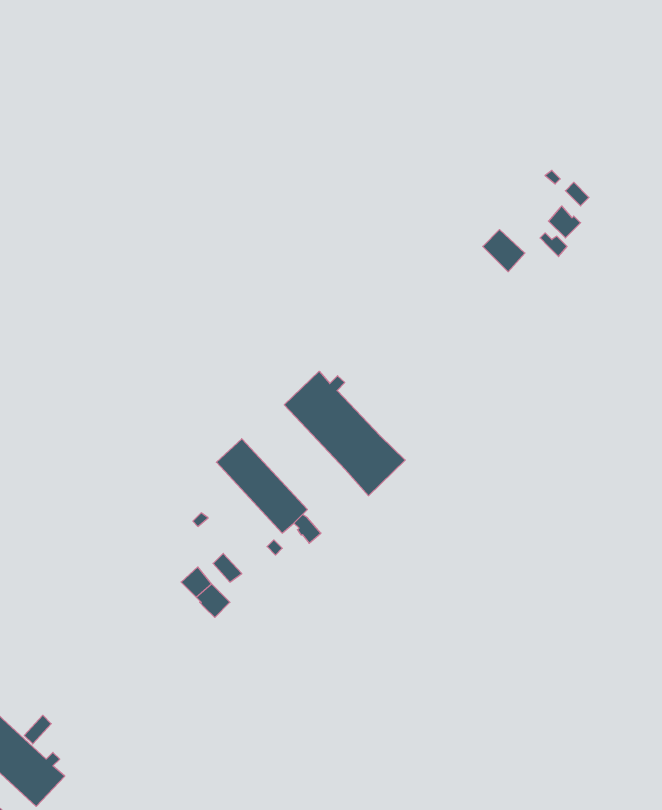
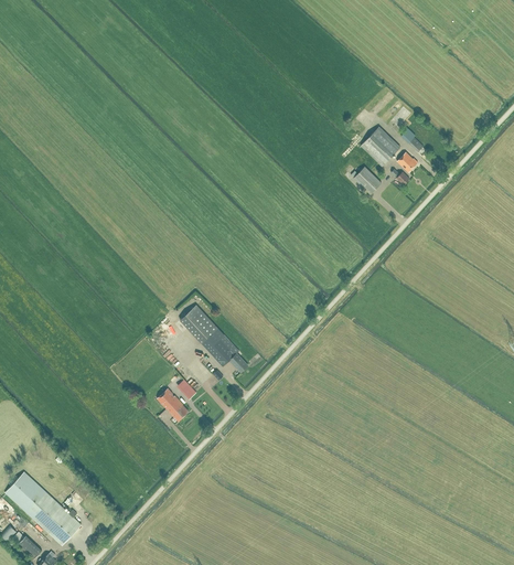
building: none -> [361,127,400,167]
building: [284,371,405,496] -> none

